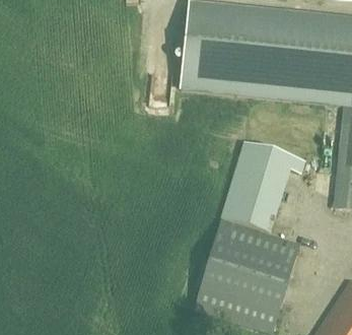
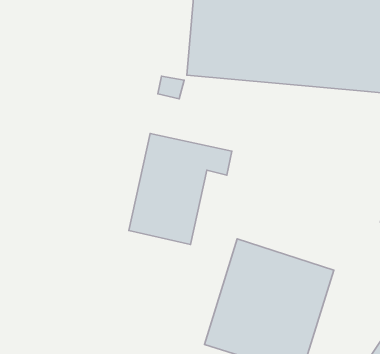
building: [230,138,313,227] -> [129,134,232,244]

